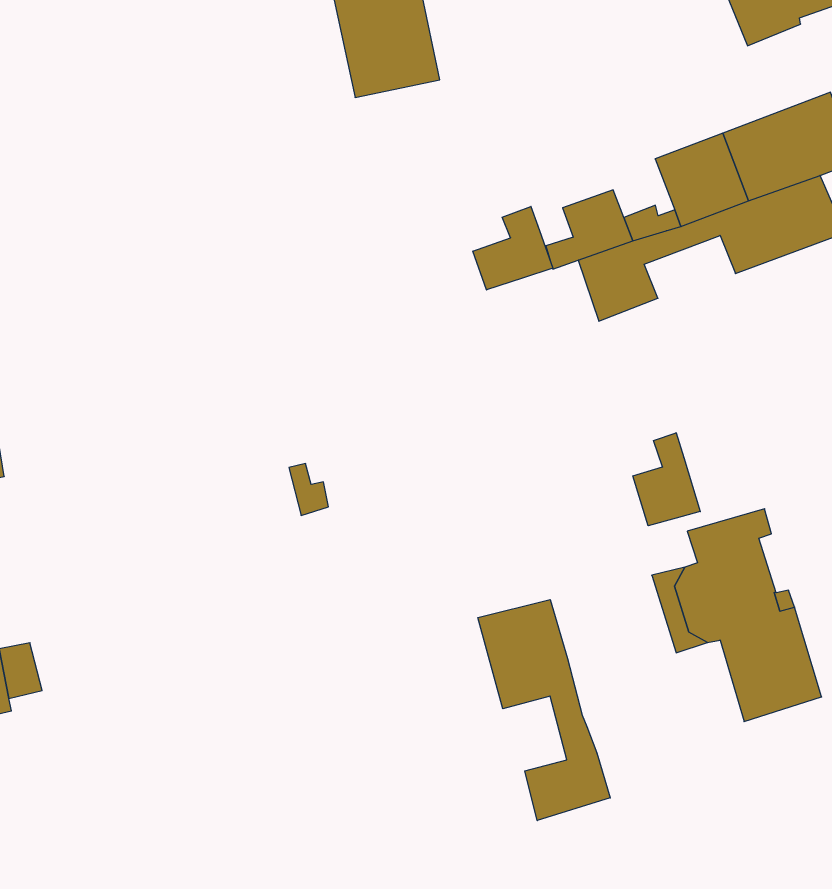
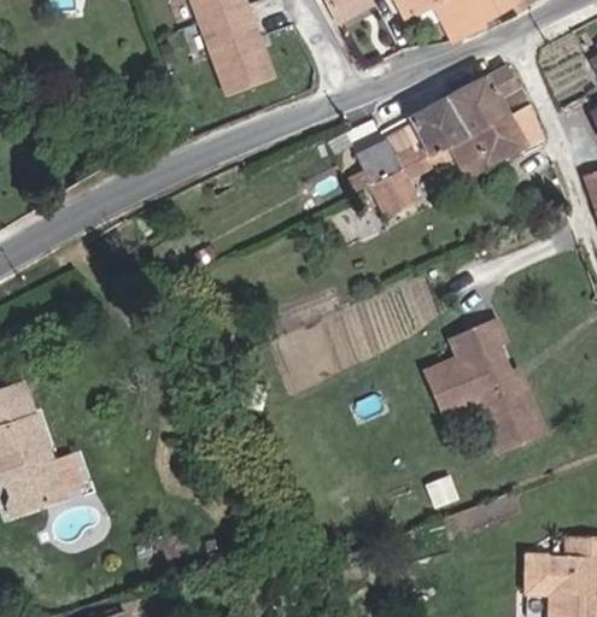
building: [473,206,553,290] -> none
building: [633,433,700,526] -> none
building: [478,600,610,821] -> none

